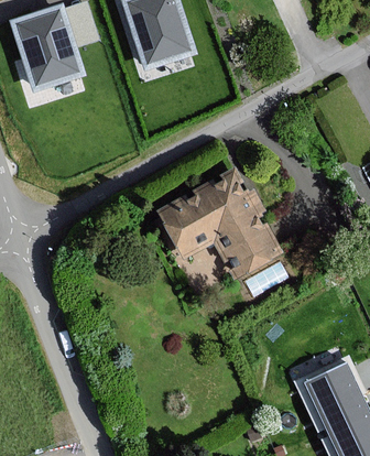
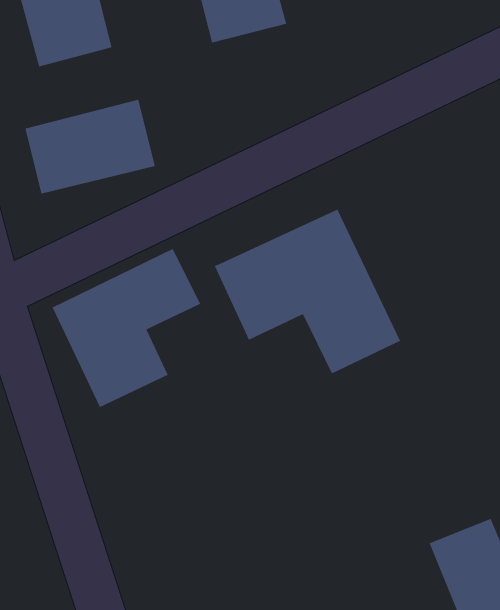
building: none -> [25,99,156,195]
building: none -> [51,248,201,408]

